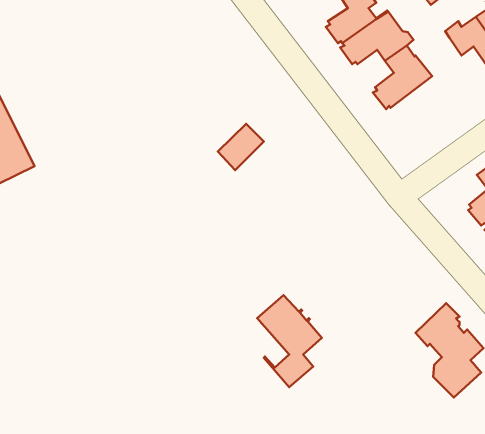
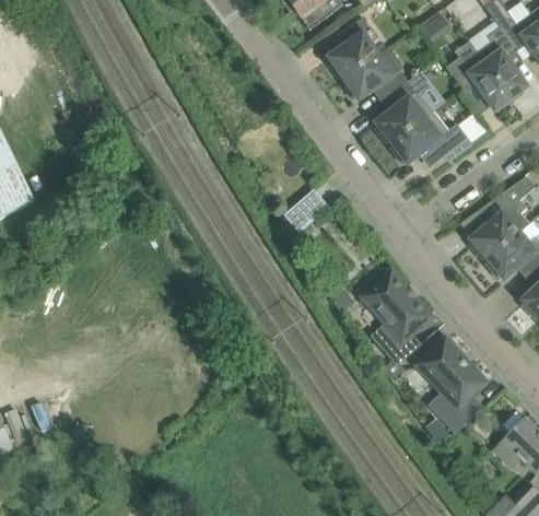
building: none -> [390,110,468,168]
building: [218,124,264,170] -> [281,186,327,232]
building: [257,295,322,387] -> [364,272,429,364]

